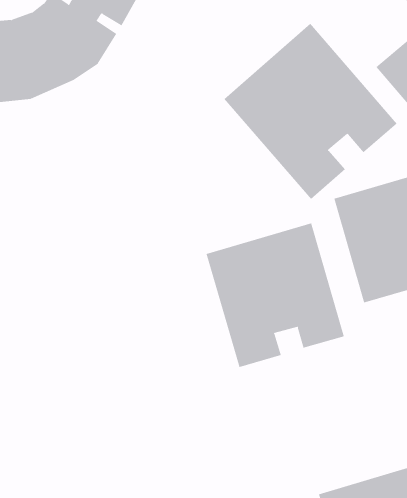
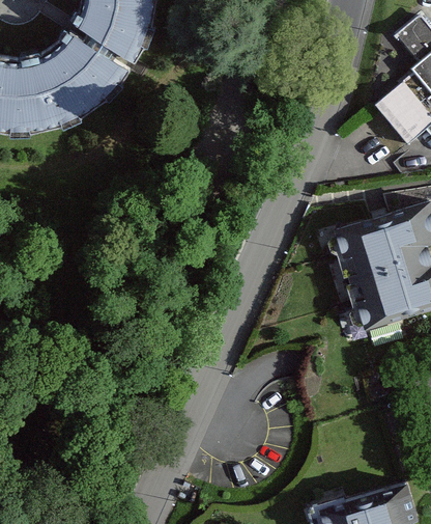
building: [224,23,398,200] -> none
building: [206,222,345,368] -> none

